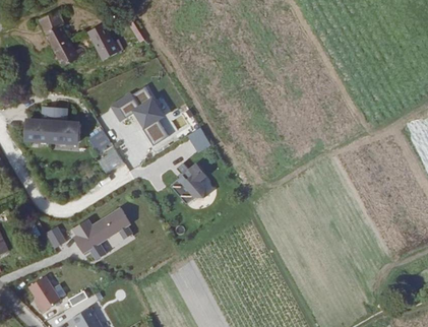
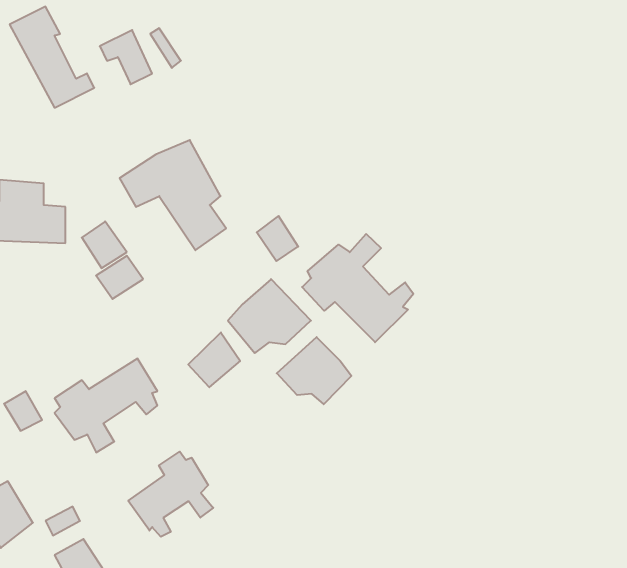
building: none -> [302,234,413,342]
building: none -> [188,332,240,387]
building: none -> [277,337,351,404]
building: none -> [128,452,213,537]

